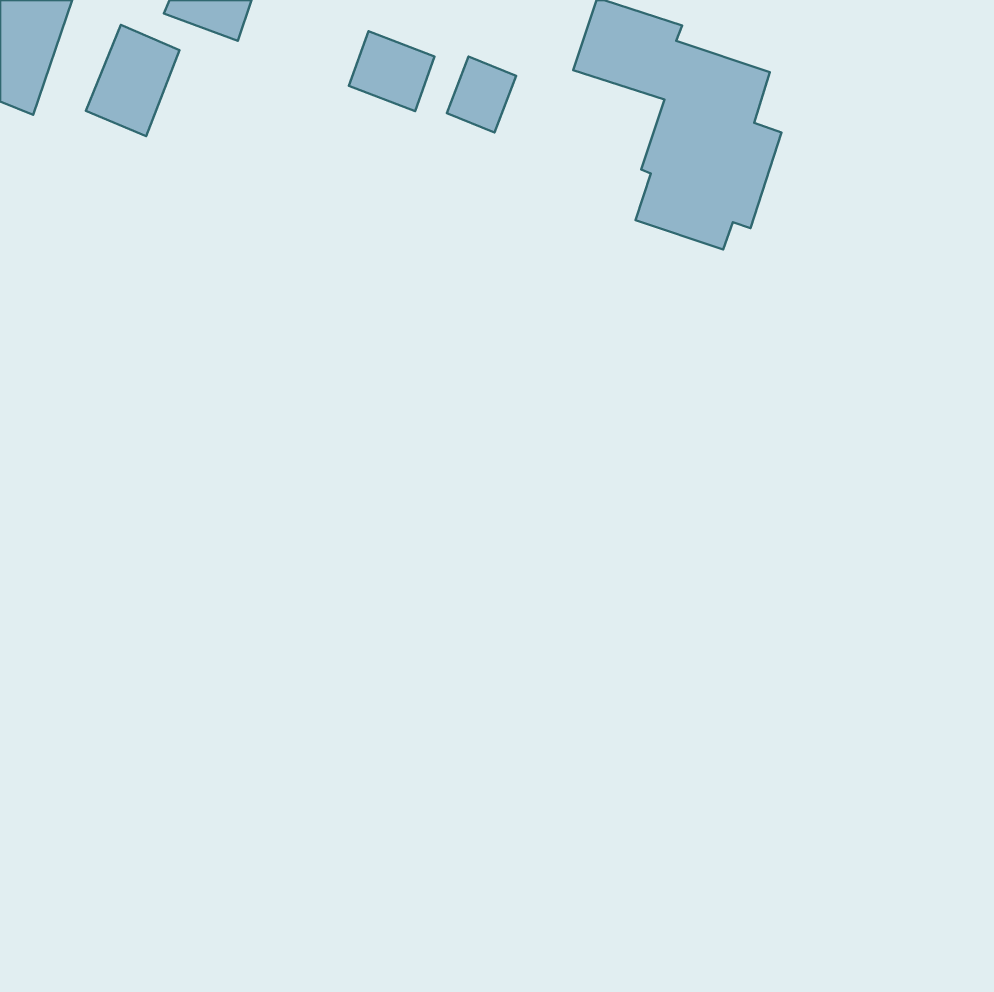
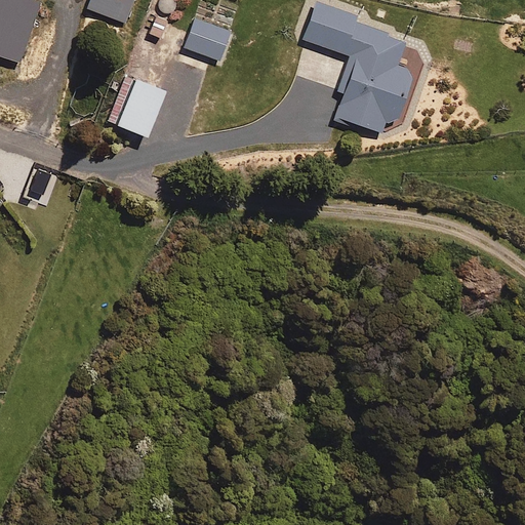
building: [86,25,179,136] -> [115,77,164,135]
building: [447,57,516,132] -> none

